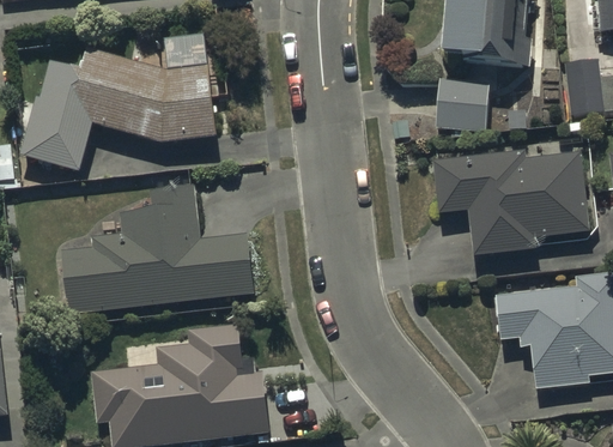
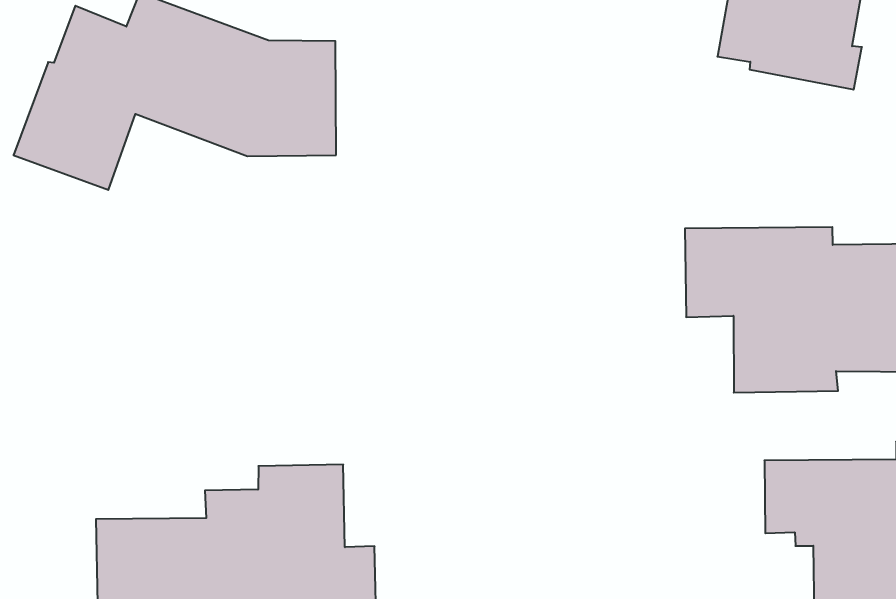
building: [436,78,490,132] -> none
building: [63,185,254,314] -> none

